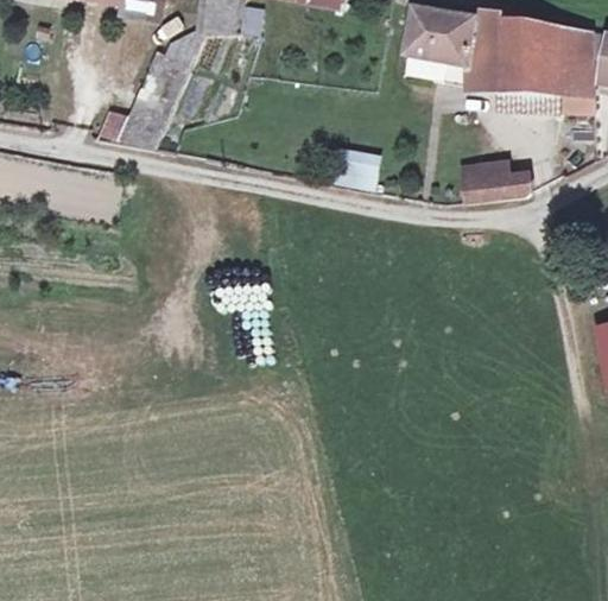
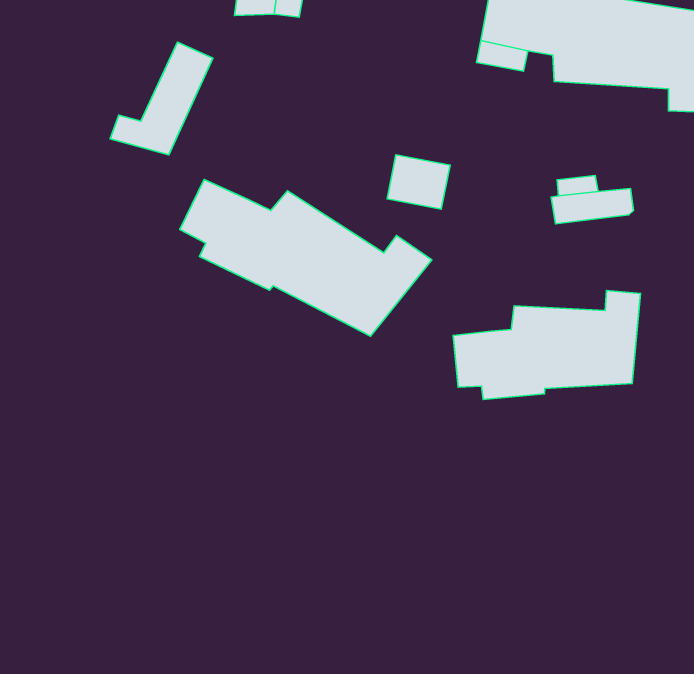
building: none -> [180,180,432,336]
building: none -> [453,291,641,400]

